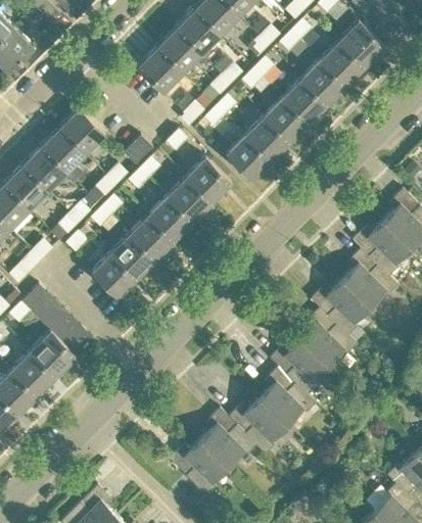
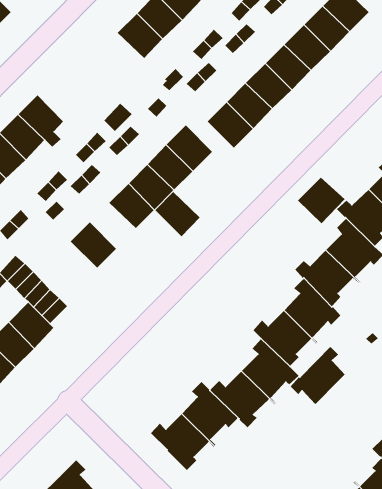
building: [59,108,104,154] -> none
building: none -> [297,177,346,224]
building: [110,234,155,279] -> [155,191,200,237]
building: none -> [290,346,346,411]

